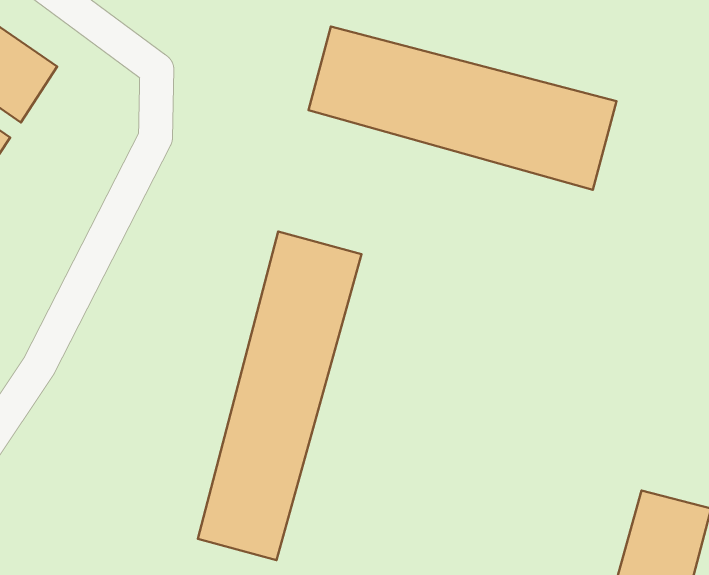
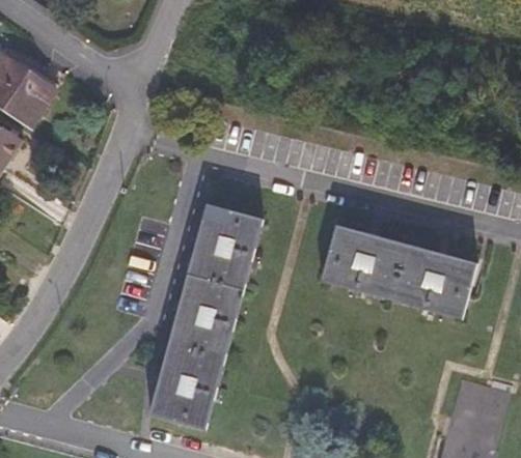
building: [308,27,617,190] -> none
building: none -> [322,225,476,318]

